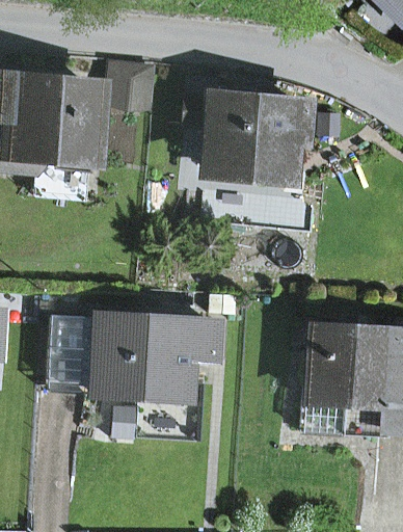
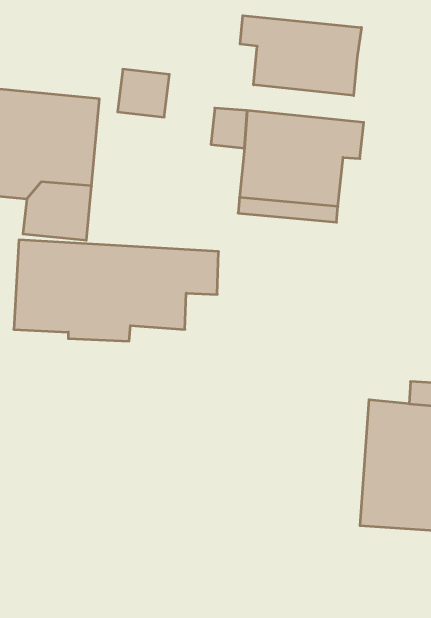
building: none -> [240,16,361,96]
building: [54,314,218,395] -> [14,240,219,341]

